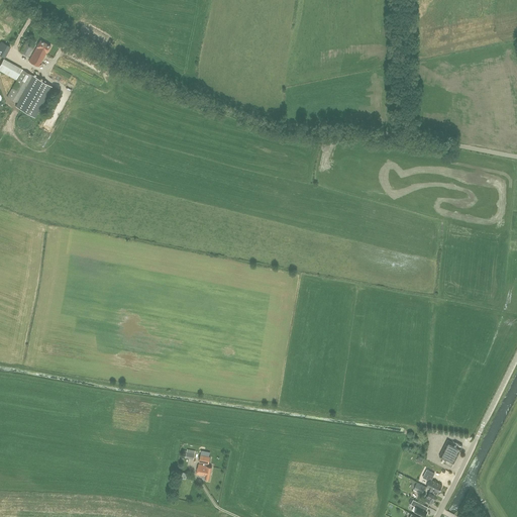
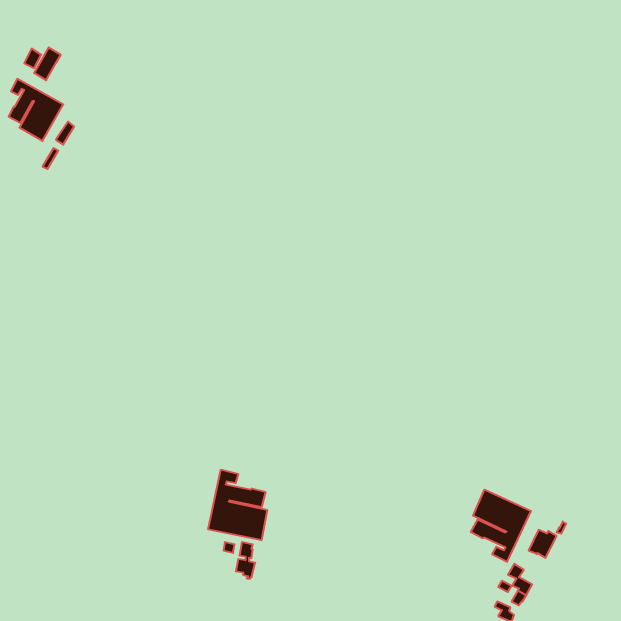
building: none -> [208,470,267,540]
building: none -> [471,490,531,562]

